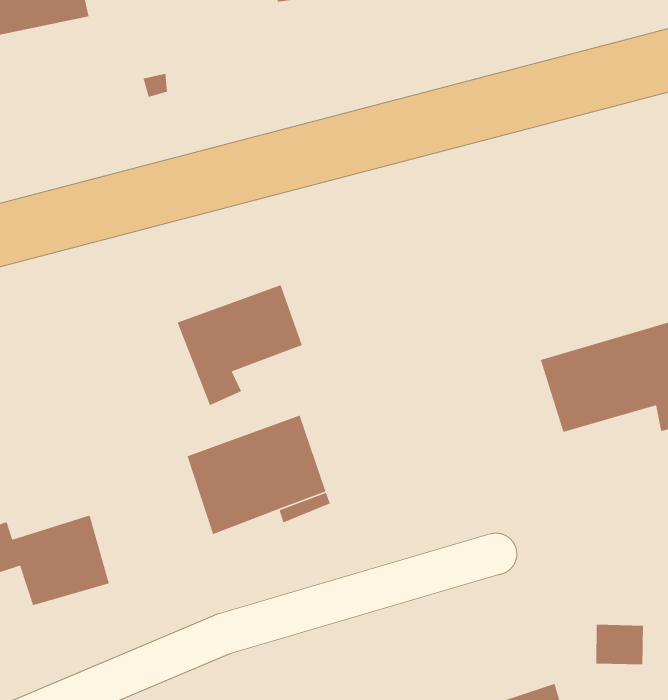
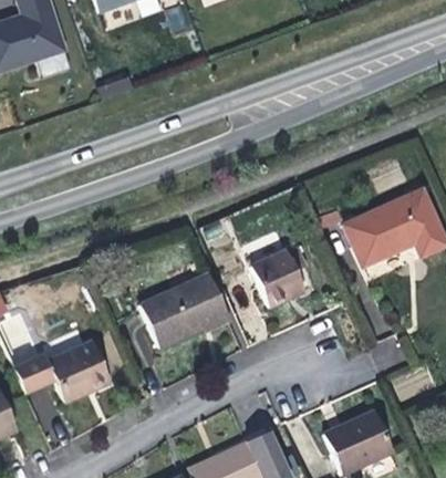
building: [177,284,303,406] -> none
building: none -> [252,248,307,306]

